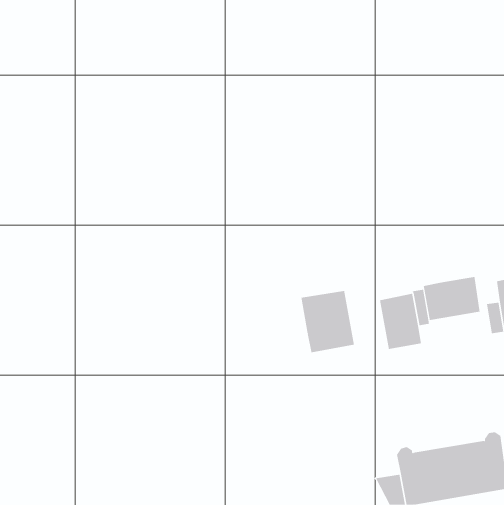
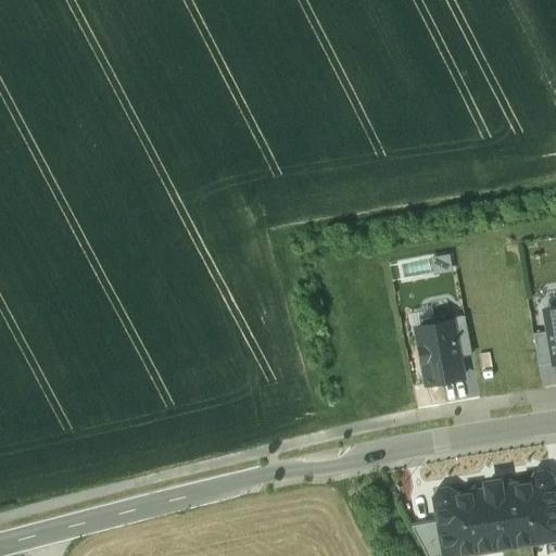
building: [423,276,480,321] -> none
building: [301,290,354,353] -> none

